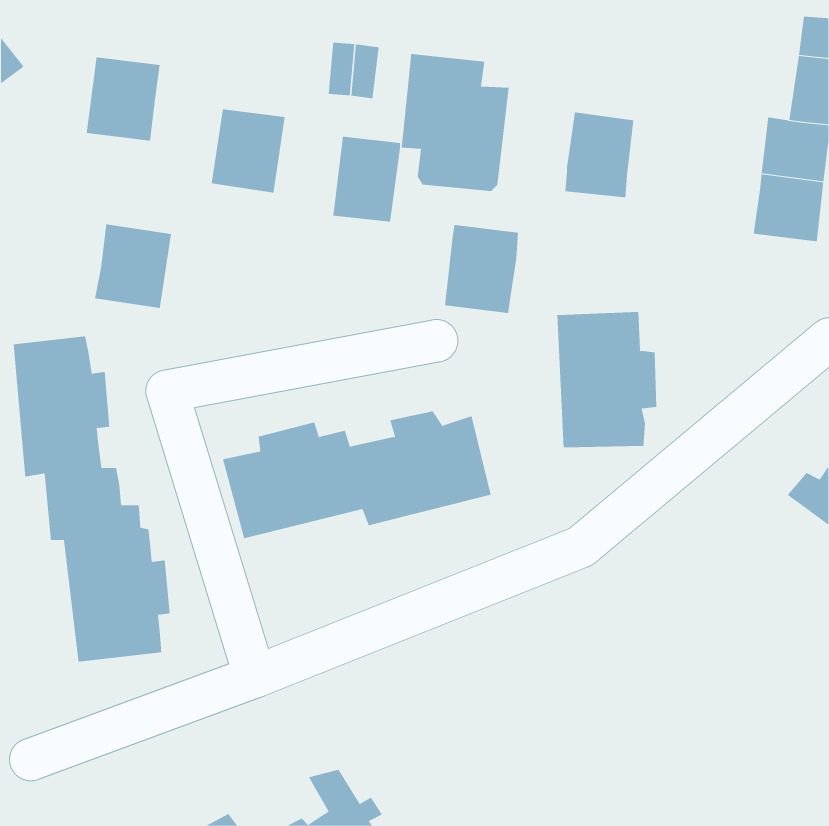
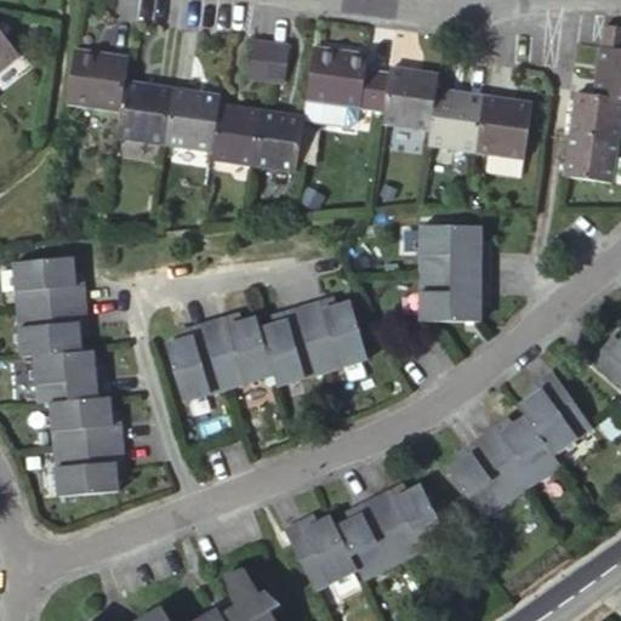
building: none -> [468,90,522,153]
building: none -> [204,96,256,161]
building: [94,224,172,308] -> [108,74,166,137]
building: [444,224,519,314] -> [375,58,431,125]
building: none -> [444,377,591,530]
building: none -> [294,490,449,592]

